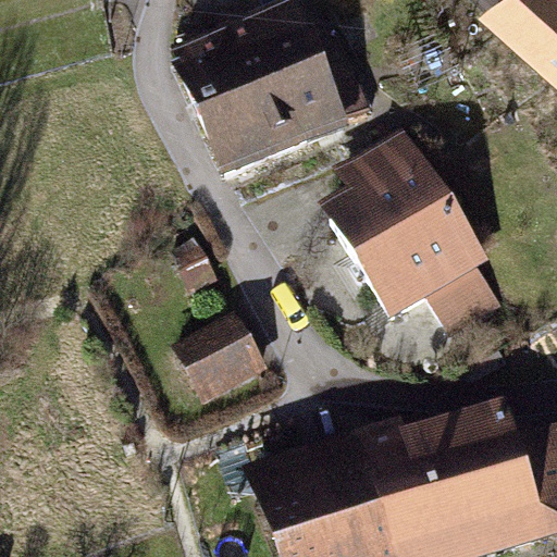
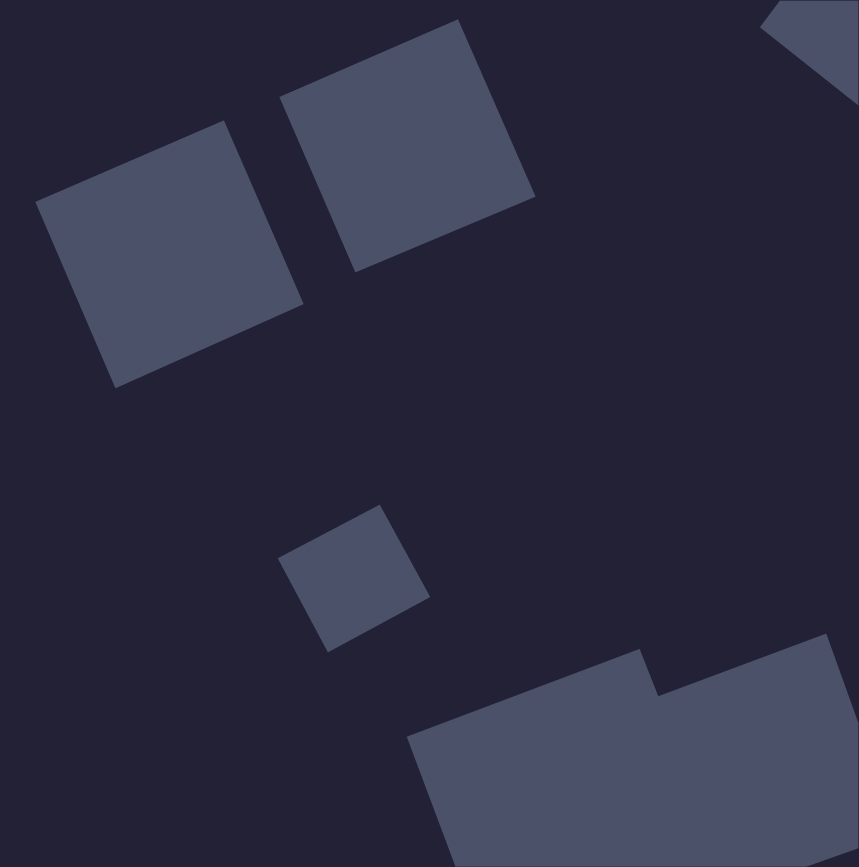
building: none -> [35,119,305,389]
building: [337,139,507,349] -> none

